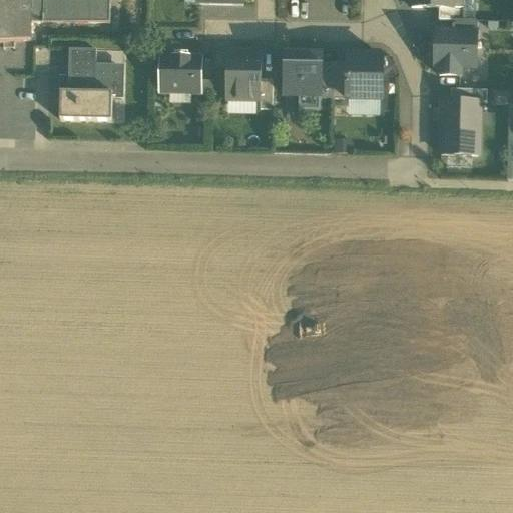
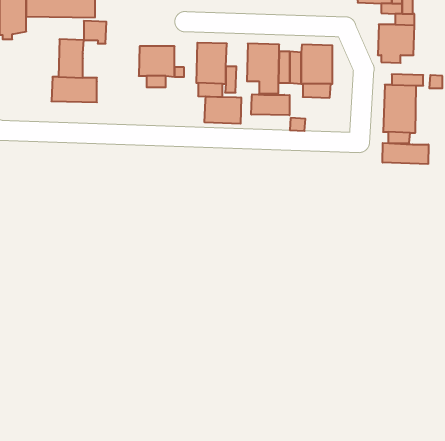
building: [95,67,121,93] -> [84,21,106,44]
building: none -> [251,94,290,115]
building: none -> [205,96,241,124]
building: none -> [383,143,428,164]

